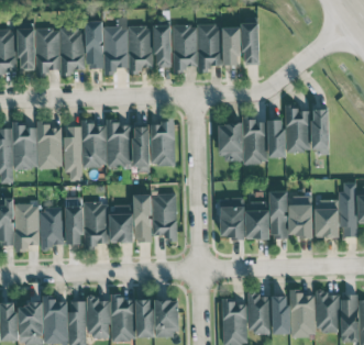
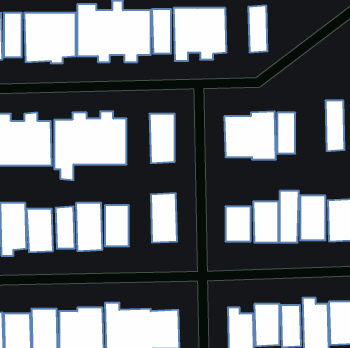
building: [222,26,239,65] -> none
building: [286,104,310,152] -> none
building: [133,126,150,171] -> none
building: [133,194,151,242] -> none

